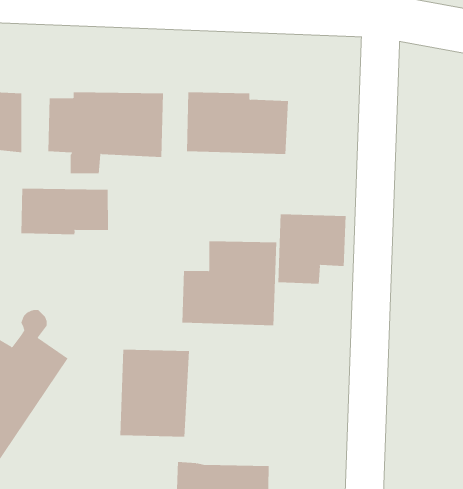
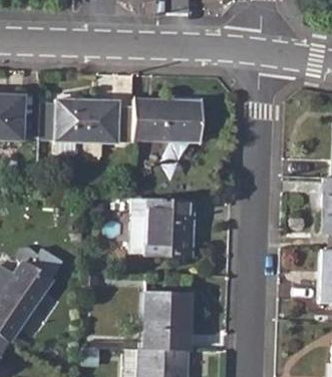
building: [21,188,109,235] -> none
building: [278,214,346,284] -> none
building: [120,349,190,437] -> [144,291,192,350]

